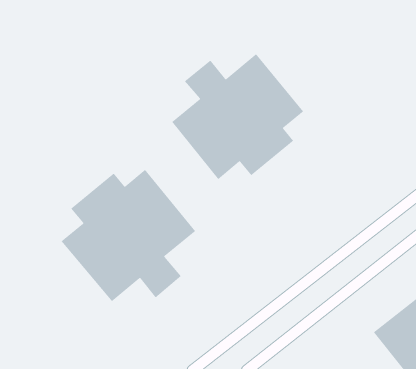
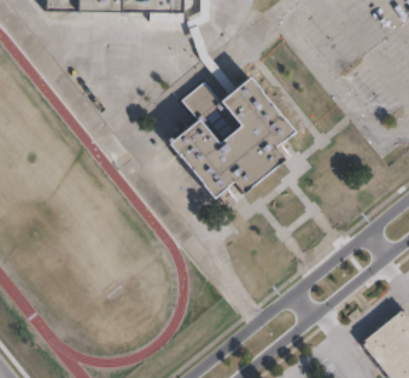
building: [61,169,196,302] -> none

